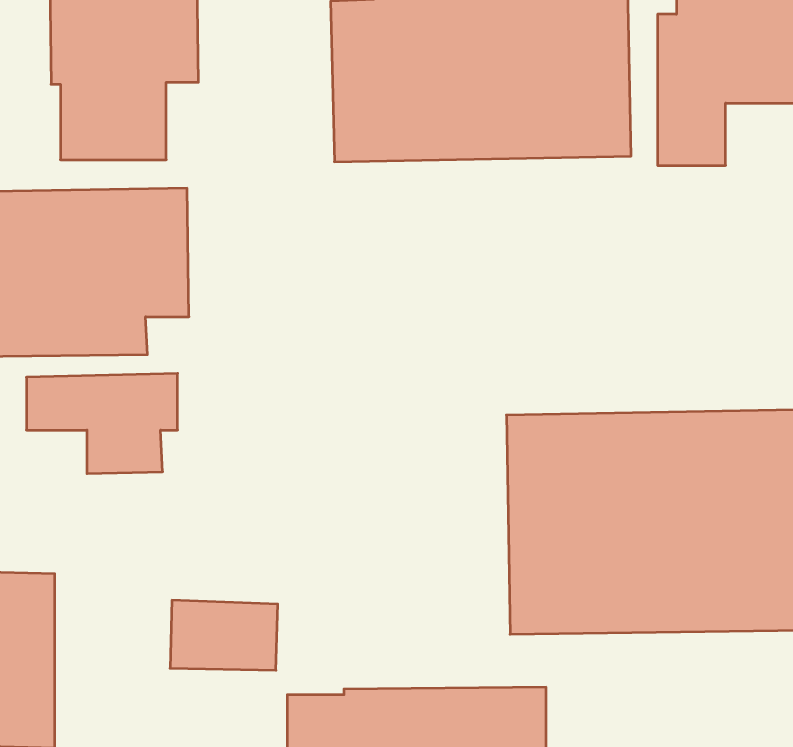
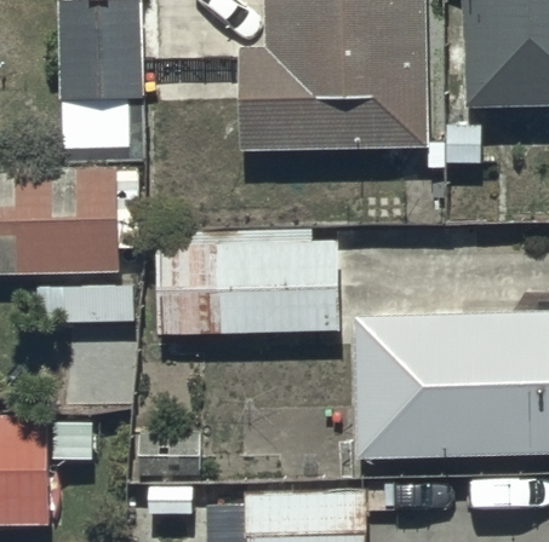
building: none -> [154,231,342,335]

